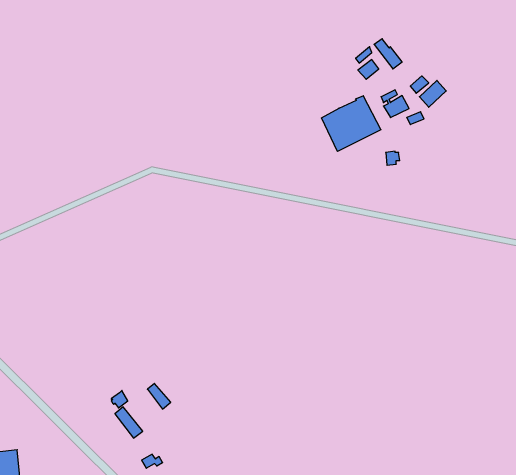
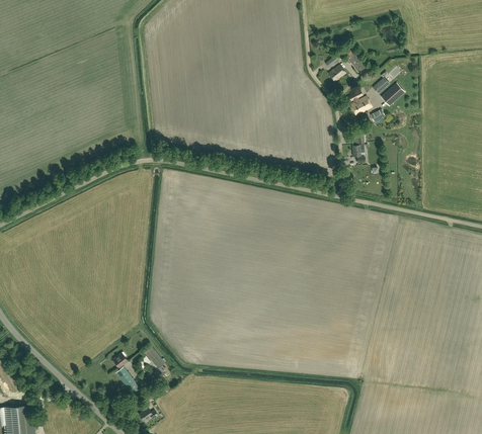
building: [322,96,381,151] -> none

